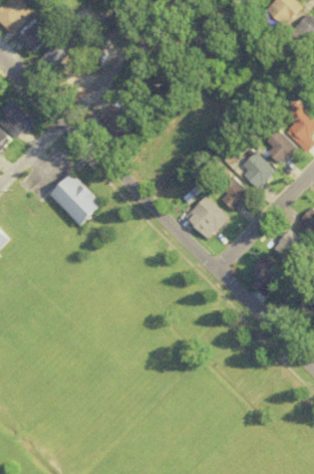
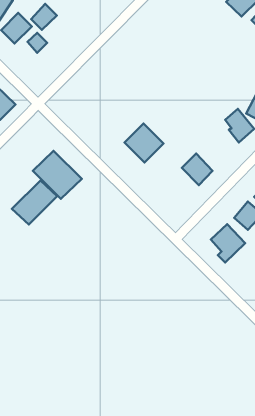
building: none -> [31,4,57,30]
building: [239,153,274,188] -> none
building: [186,196,229,239] -> [125,123,164,162]
building: none -> [12,180,57,225]

